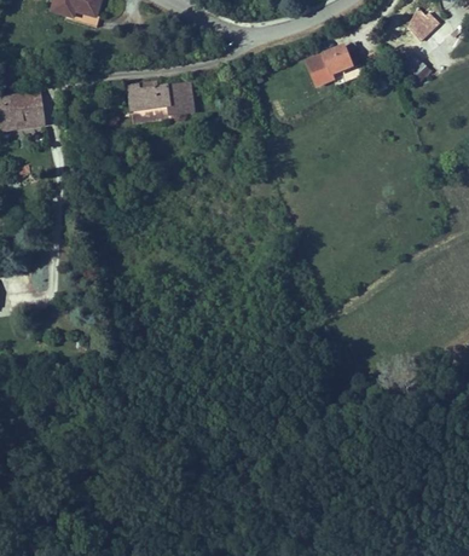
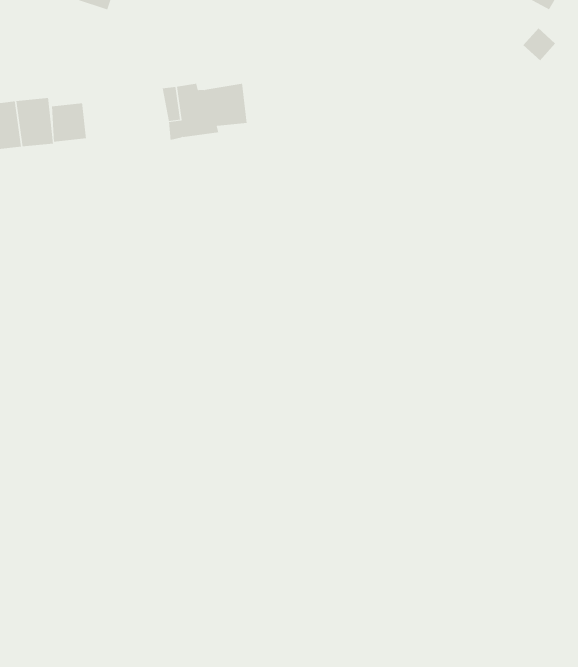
building: [307,47,358,86] -> none
building: none -> [51,102,86,142]

